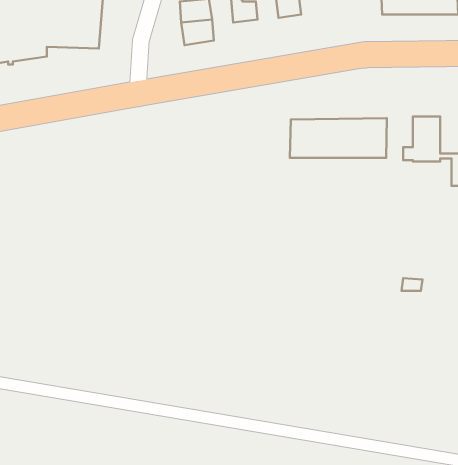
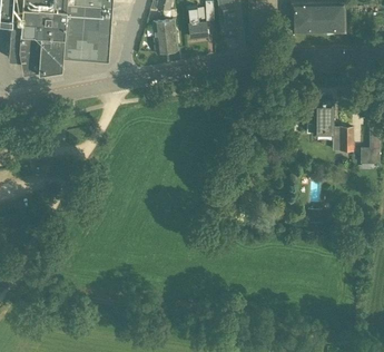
building: [290,118,387,158] -> none

